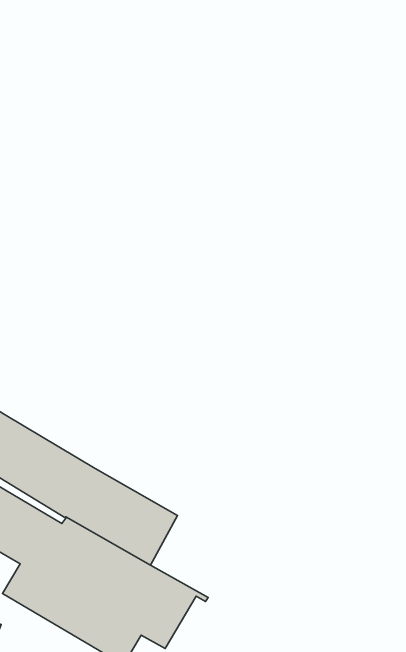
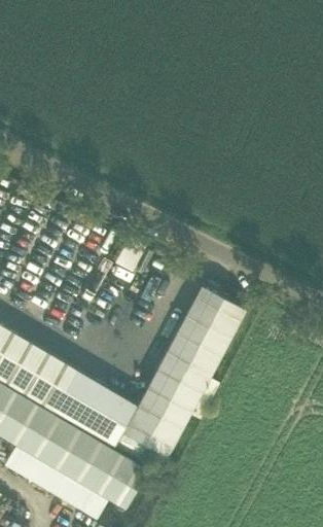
building: none -> [117,287,246,469]

